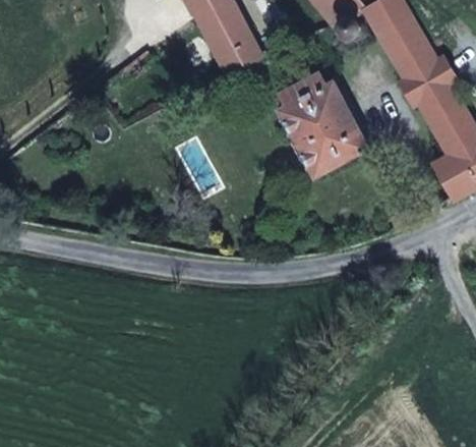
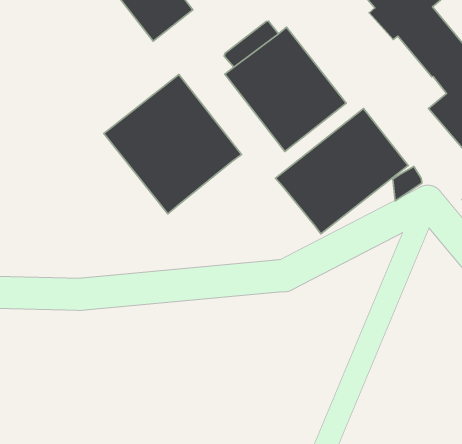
building: none -> [104,75,241,214]
building: none -> [276,108,408,234]

